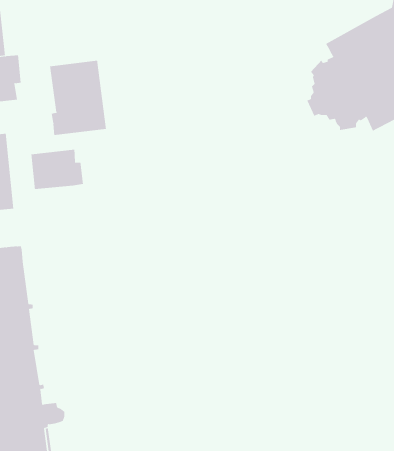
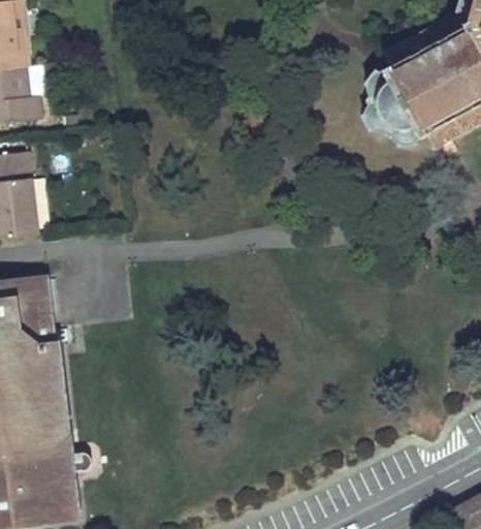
building: [49,60,107,136] -> none
building: [31,149,84,190] -> none

